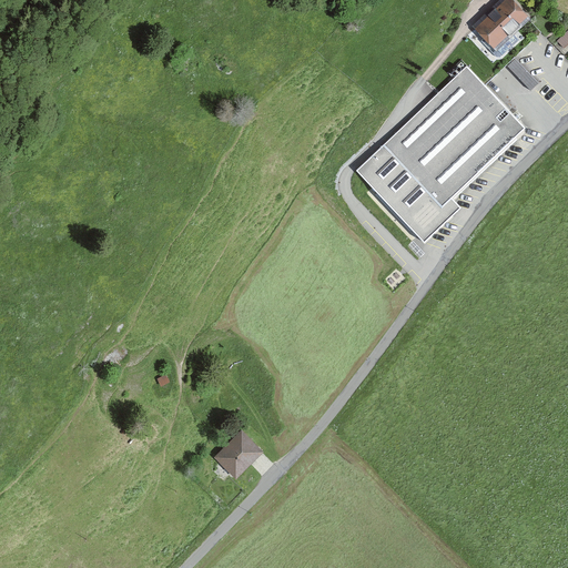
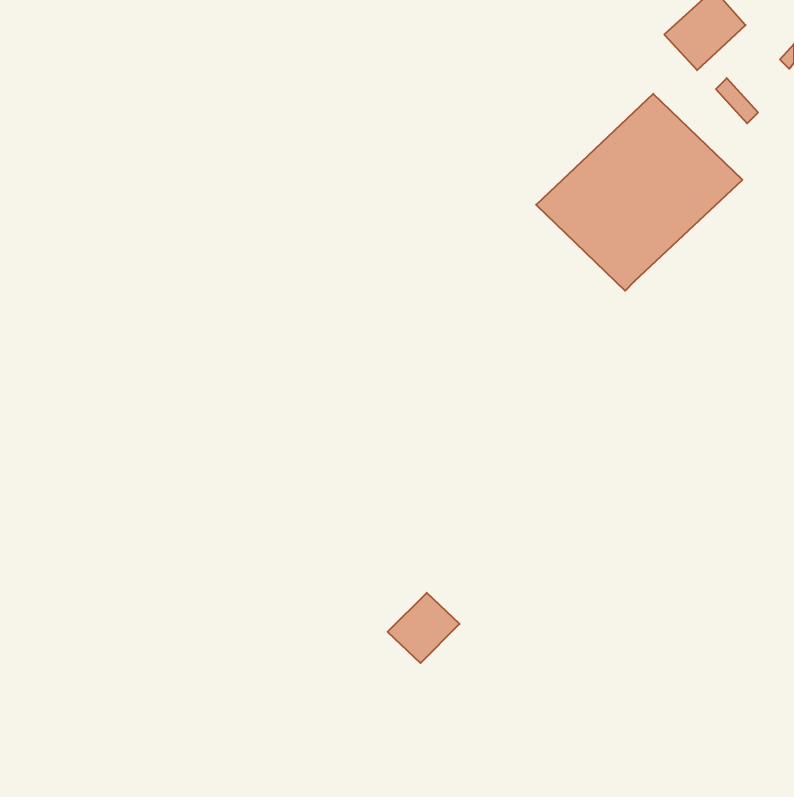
building: [354,145,457,242] -> none
building: [212,429,263,479] -> [388,593,460,663]

